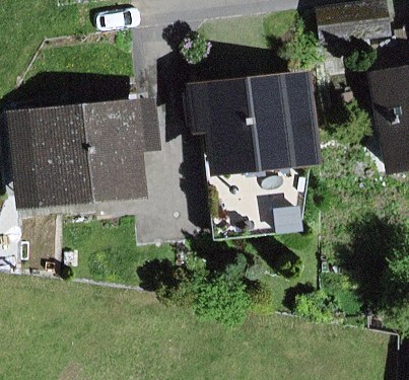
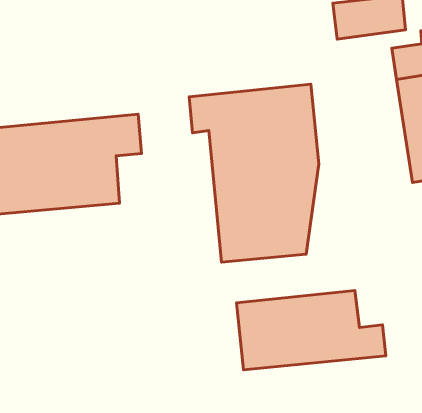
building: none -> [237,290,386,370]

